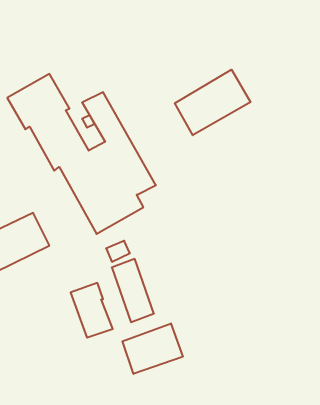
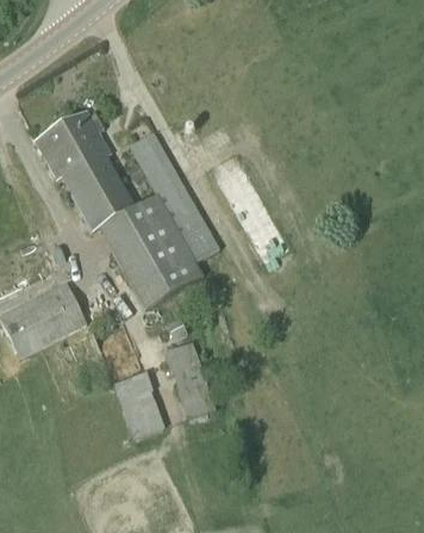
building: [175,70,251,135] -> none
building: [122,323,183,374] -> none

